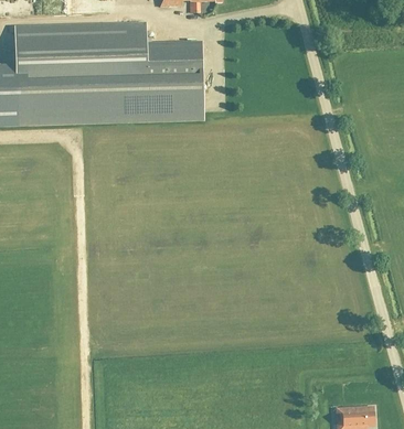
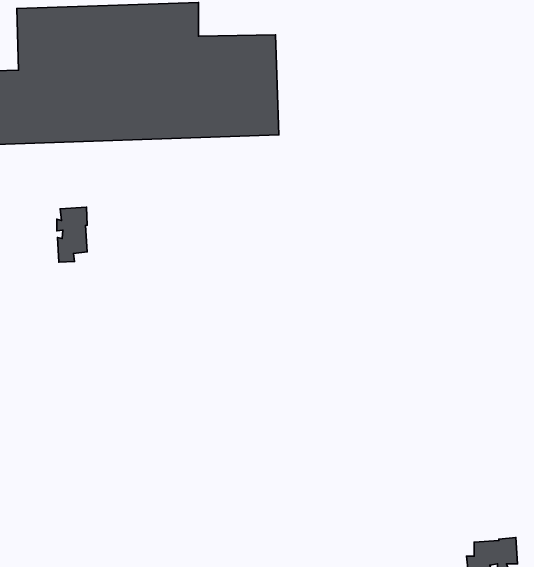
building: none -> [57,207,87,262]

